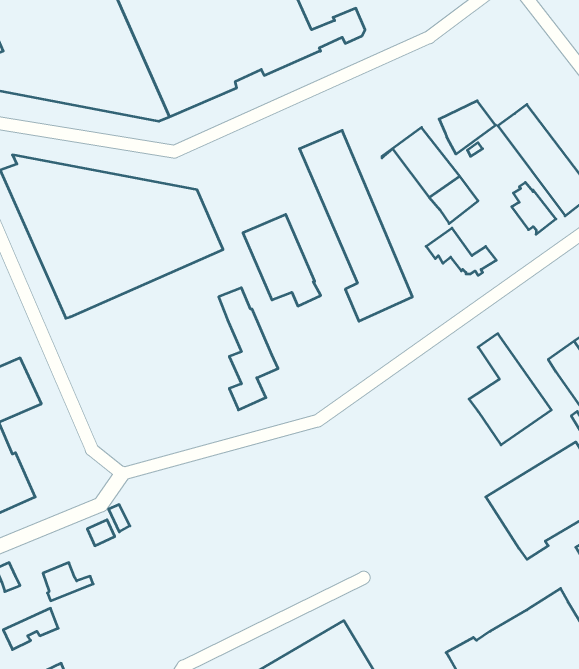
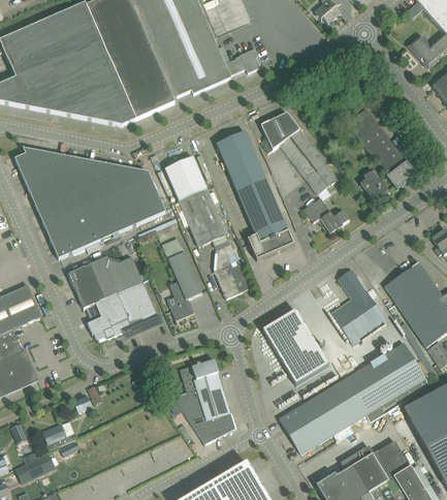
building: [439,101,496,154] -> [261,112,299,148]
building: none -> [164,155,207,199]
building: none -> [214,242,251,298]
building: none -> [68,255,159,340]
building: none -> [262,309,329,383]
building: none -> [172,358,235,443]
building: none -> [279,378,365,452]

